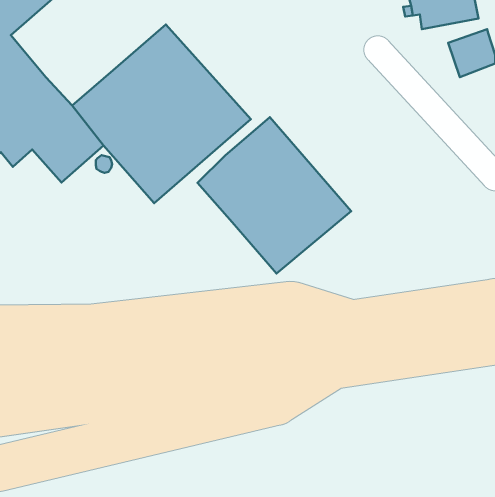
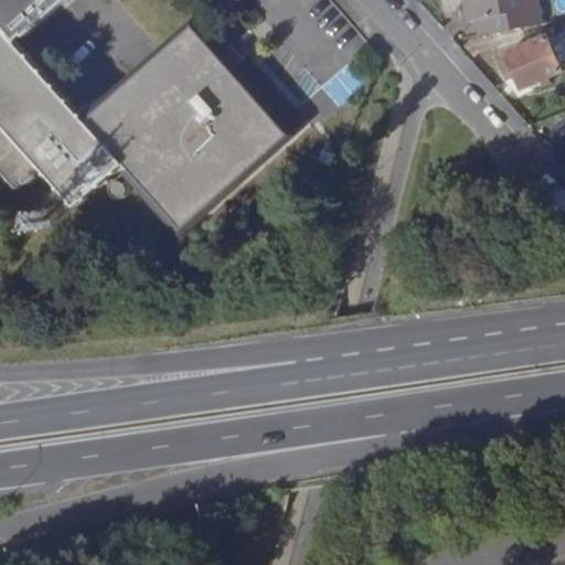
building: [197,117,351,274] -> none

